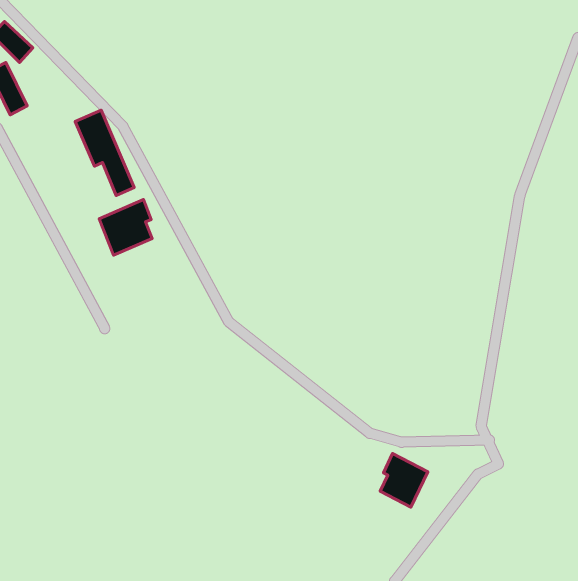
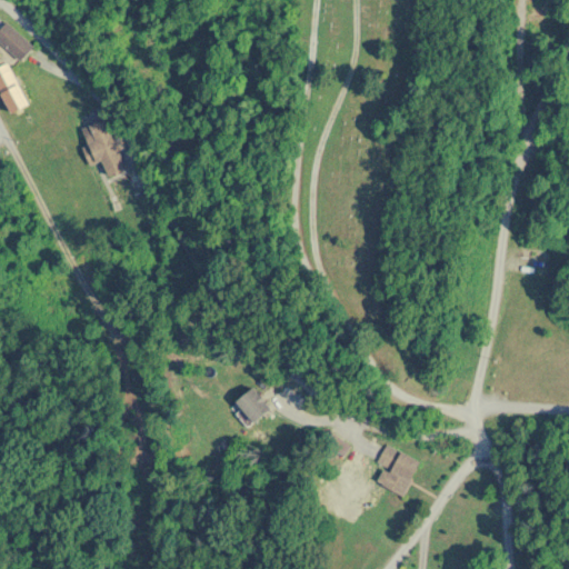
building: [99,200,152,255] -> none
building: none -> [236,387,270,422]

